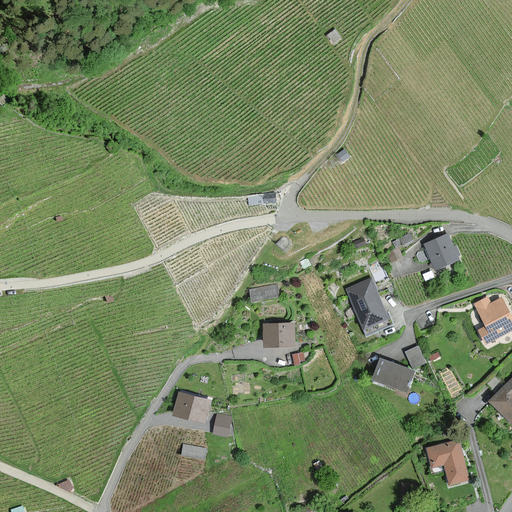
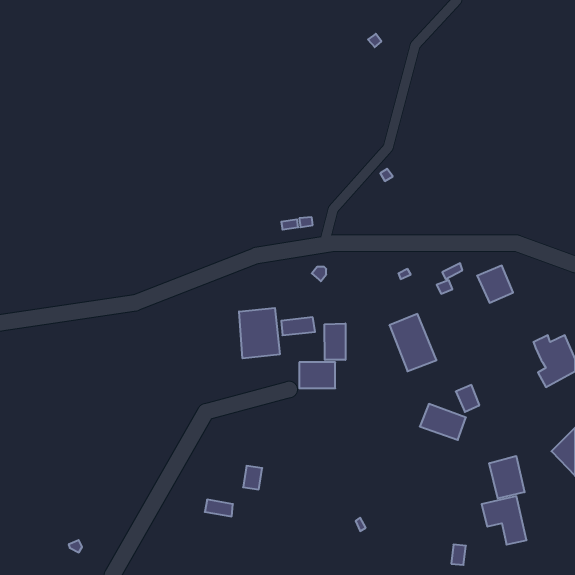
building: none -> [239,308,280,358]
building: none -> [325,323,345,360]
building: [177,391,213,421] -> none
building: none -> [489,456,525,498]

